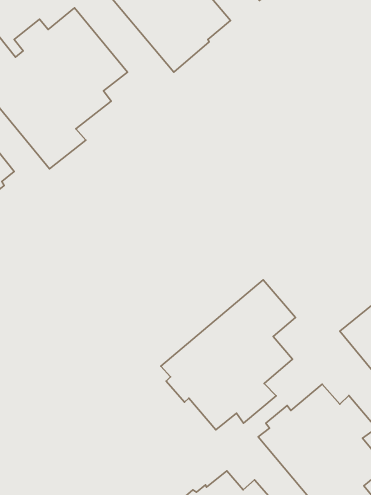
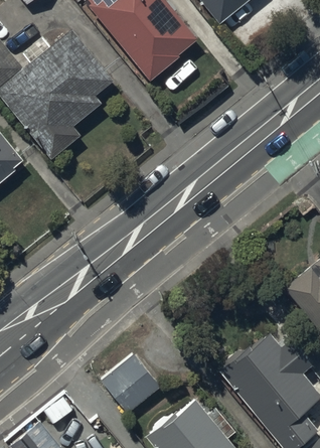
building: [161,280,295,430] -> none
building: none -> [102,353,160,413]

